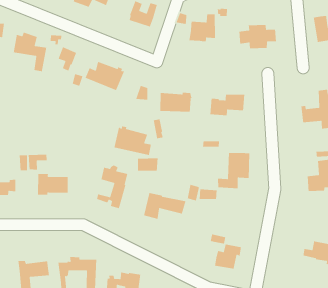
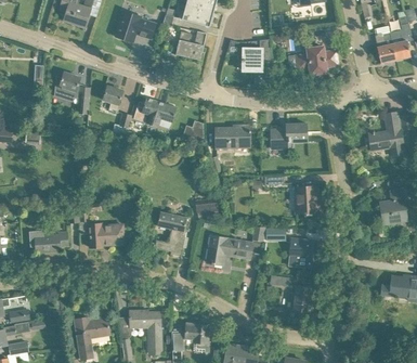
building: [114,125,152,156] -> none
building: none -> [289,238,318,267]

